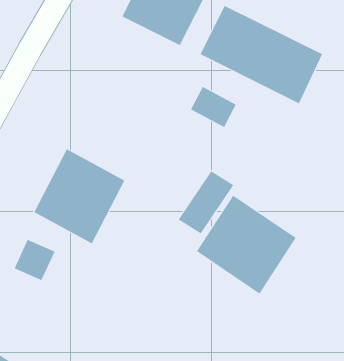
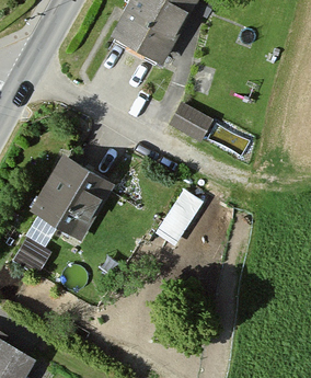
building: [200,5,323,104] -> none
building: [196,195,297,294] -> none

